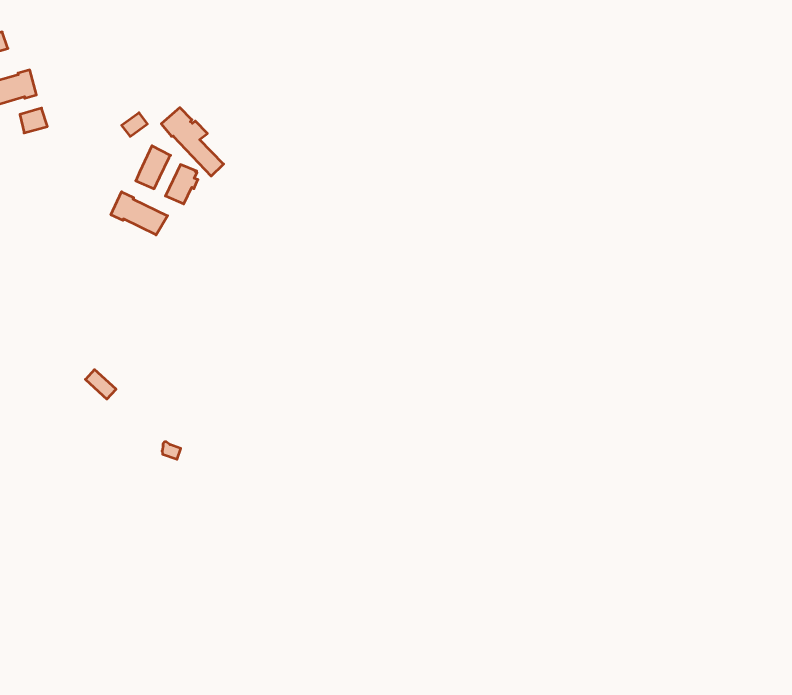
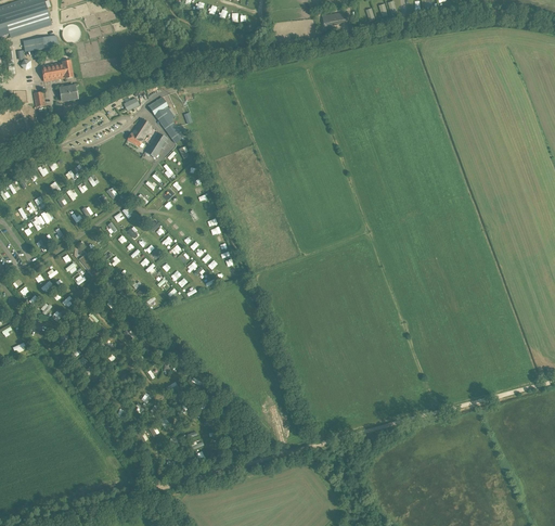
building: [111,192,168,235] -> none

